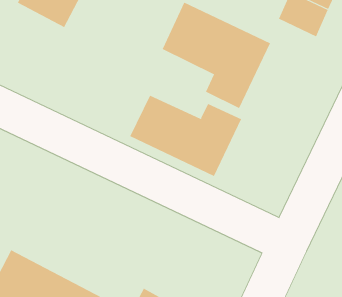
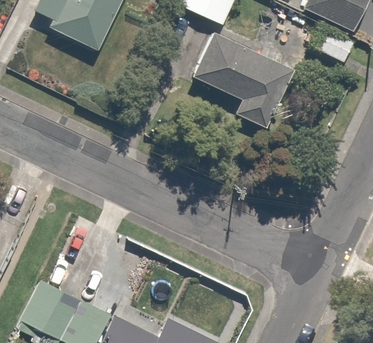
building: [130,95,242,177] -> none

